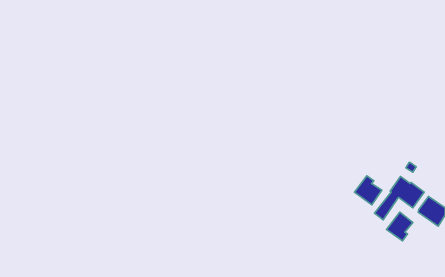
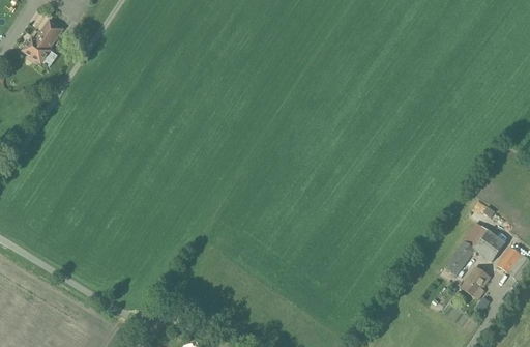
building: none -> [21,17,64,64]
building: [354,176,382,205] -> none

